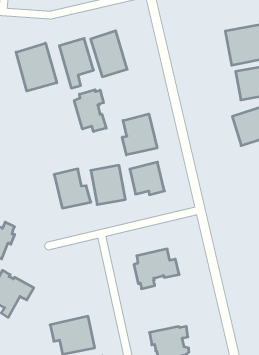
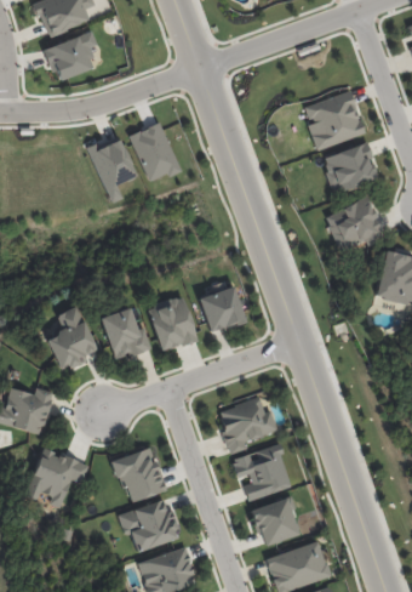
building: [16,43,57,91] -> none
building: [74,90,106,132] -> none
building: [122,114,157,155] -> none
building: none -> [52,306,101,369]
building: none -> [113,448,165,502]
building: none -> [230,444,291,501]

